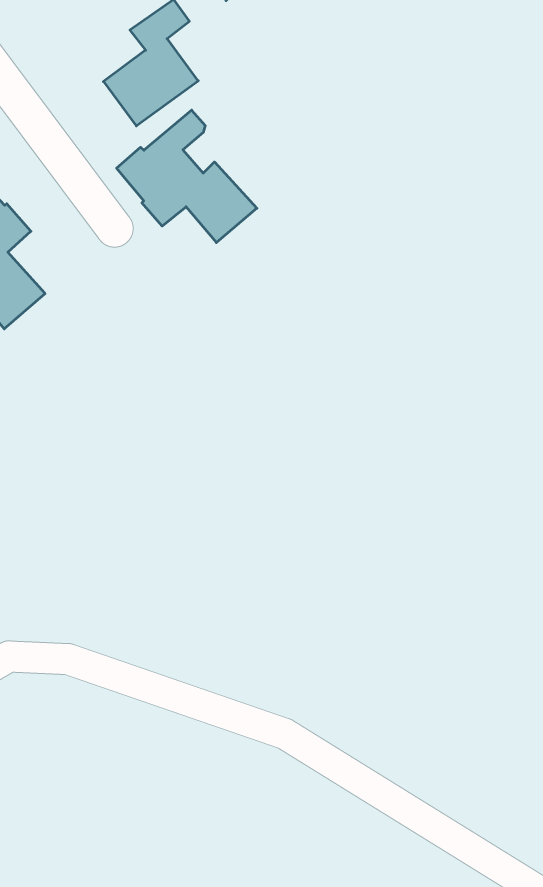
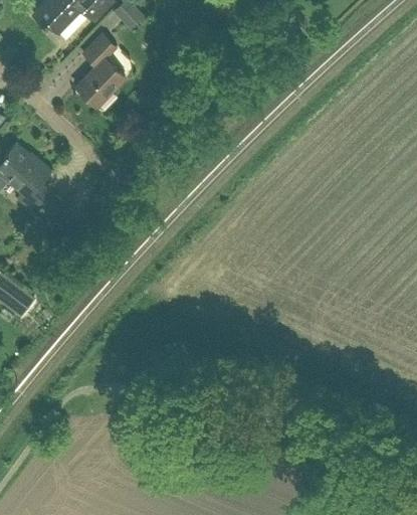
building: [117,110,257,243] -> none

